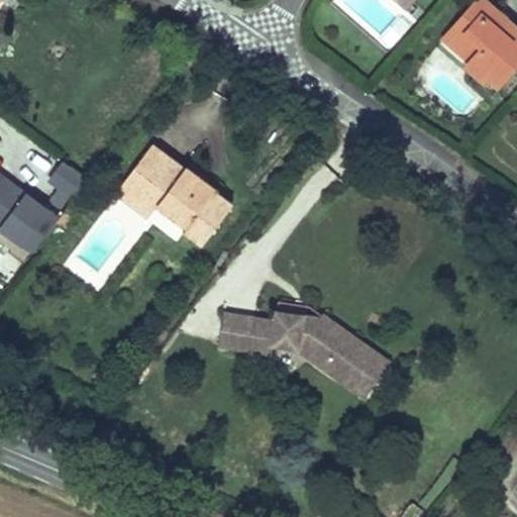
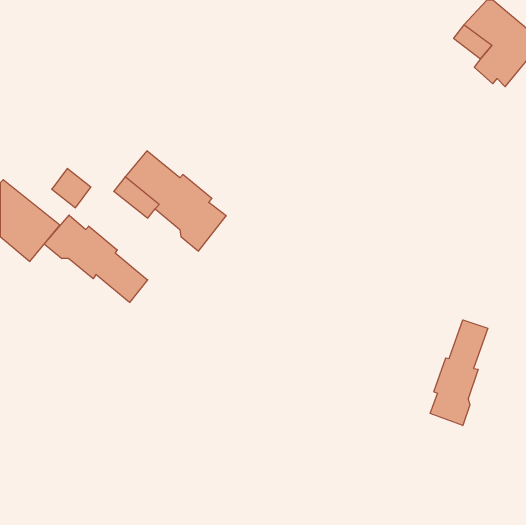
building: none -> [44,215,148,302]
building: [221,300,393,398] -> none
building: none -> [430,320,488,426]

